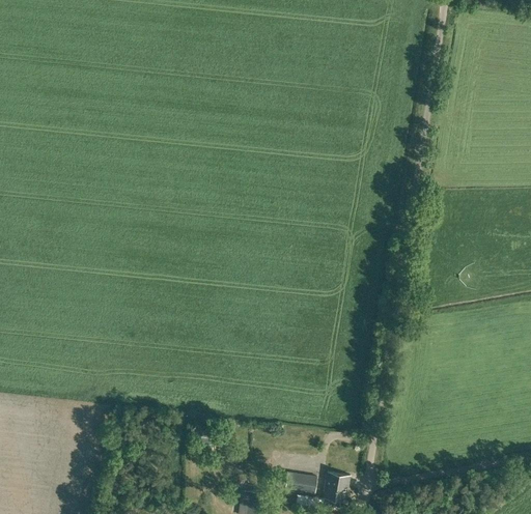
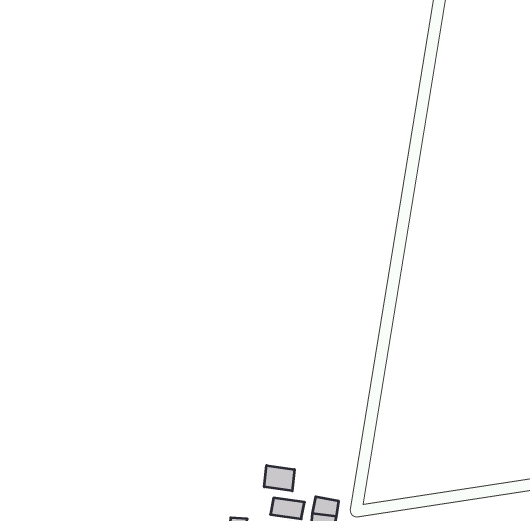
building: none -> [264,465,294,491]

